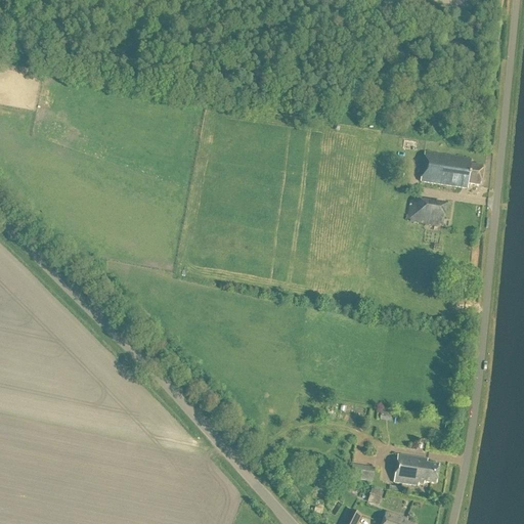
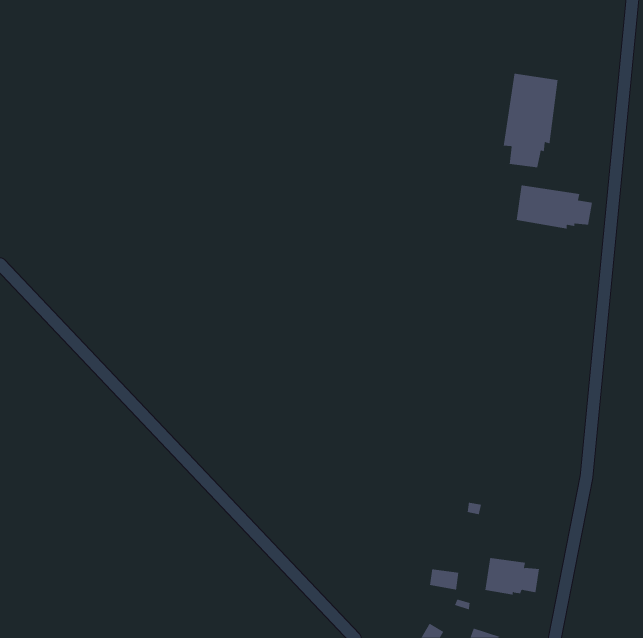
building: none -> [503,73,558,168]
building: [406,198,445,224] -> none

